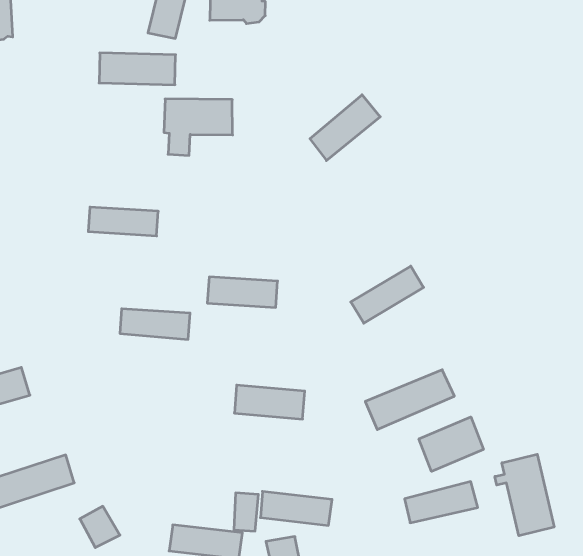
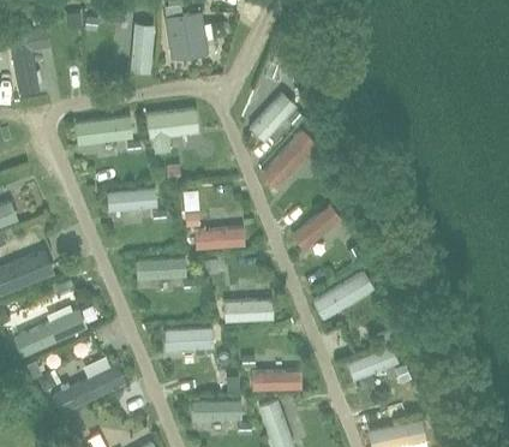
building: [99,53,176,85] -> [77,117,131,143]
building: none -> [262,132,315,187]
building: none -> [166,327,214,348]
building: [419,417,483,471] -> none
building: [495,454,554,536] -> none

